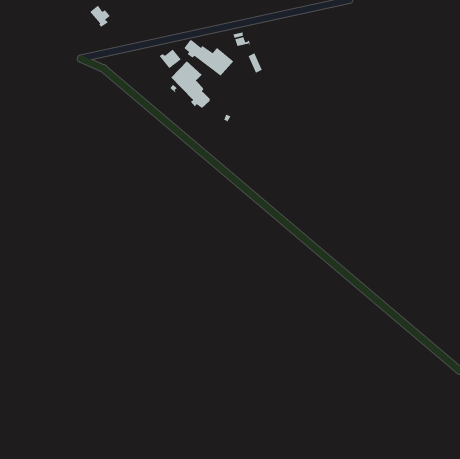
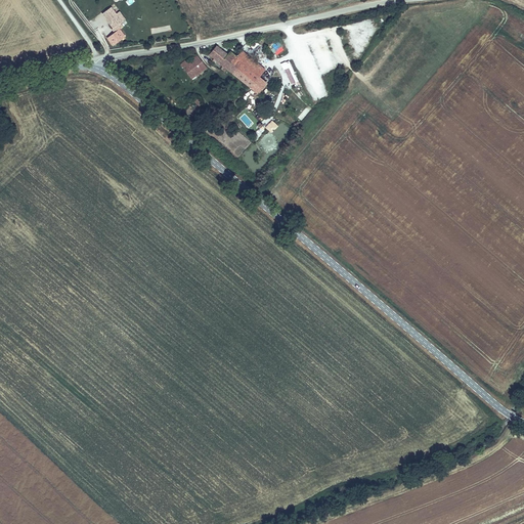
building: [171,61,211,109] -> none

